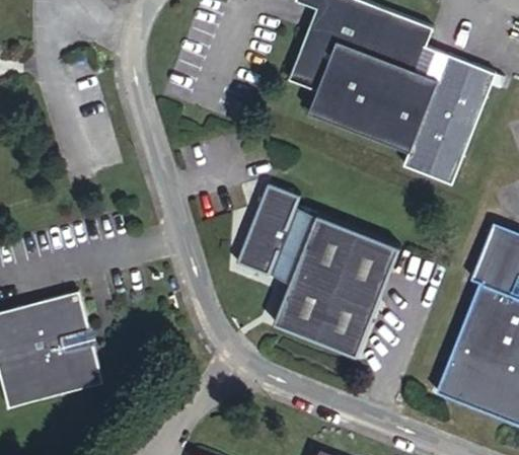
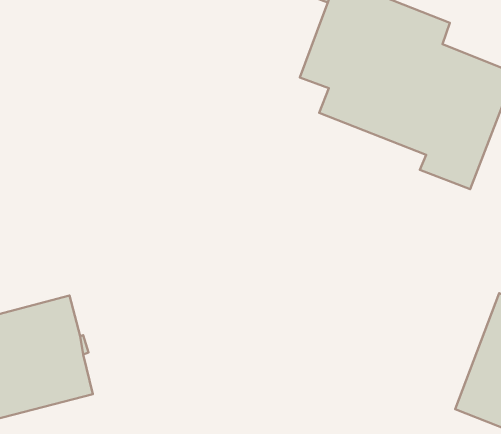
building: [239,185,401,358] -> none

